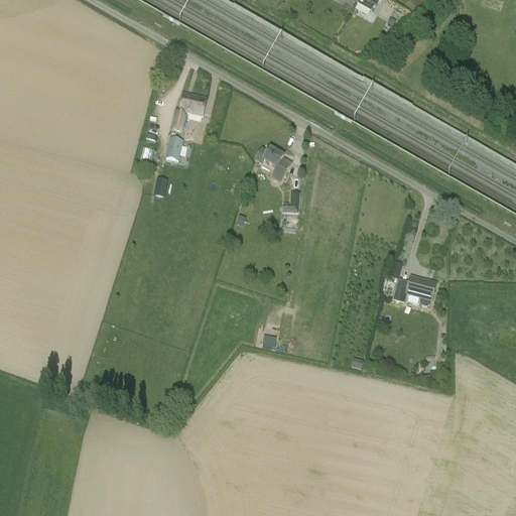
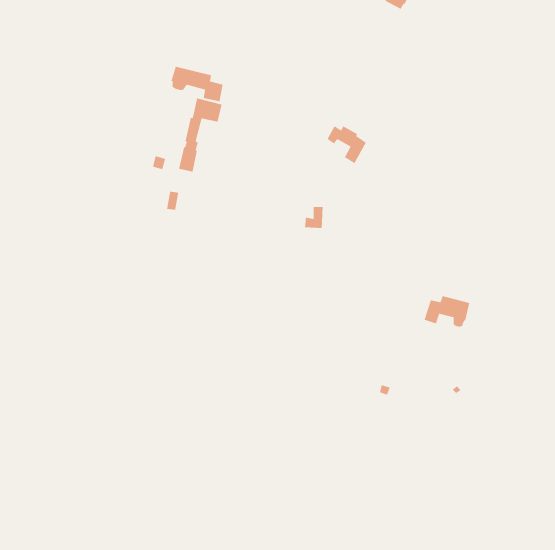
building: none -> [171,66,223,102]
building: [255,145,292,181] -> [327,125,367,164]

